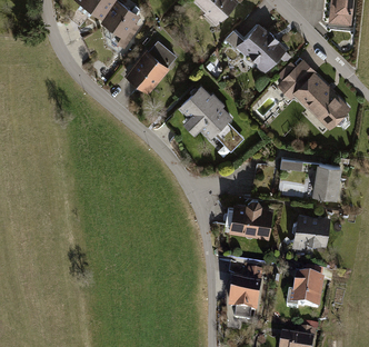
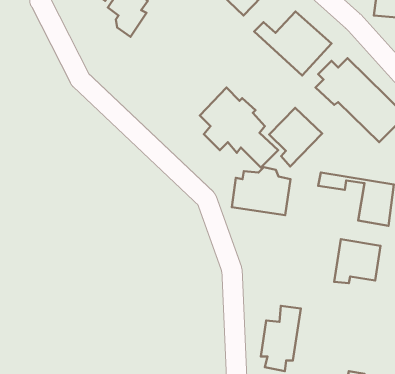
building: [123,40,178,97] -> none
building: none -> [269,108,322,167]
building: [223,199,272,239] -> [232,167,291,215]
building: [285,267,325,313] -> none

